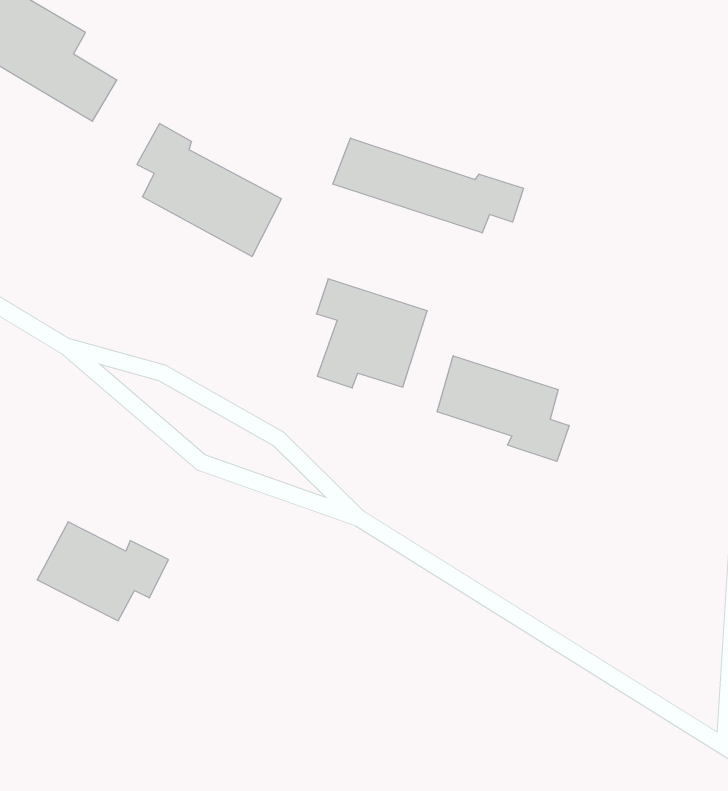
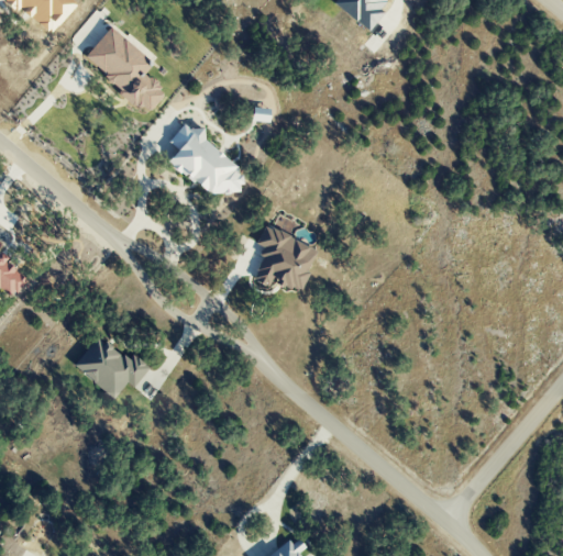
building: [333,138,523,233] -> none
building: [437,356,569,461] -> none

